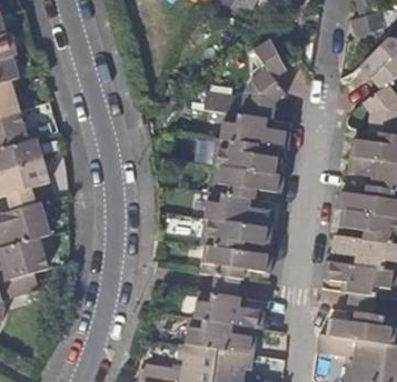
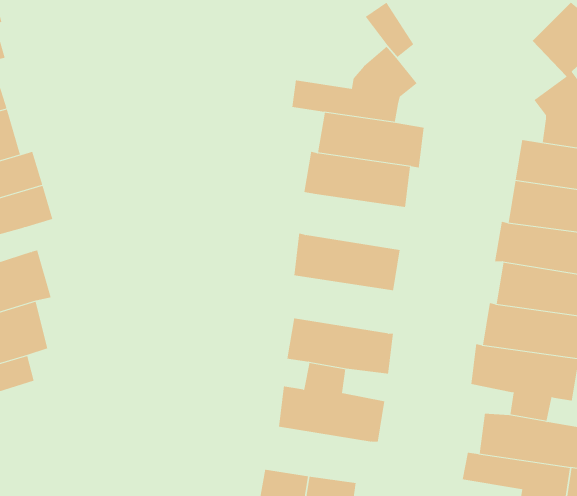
building: [215,165,285,202] -> none
building: [202,219,272,257] -> none
building: [188,318,258,355] -> none

